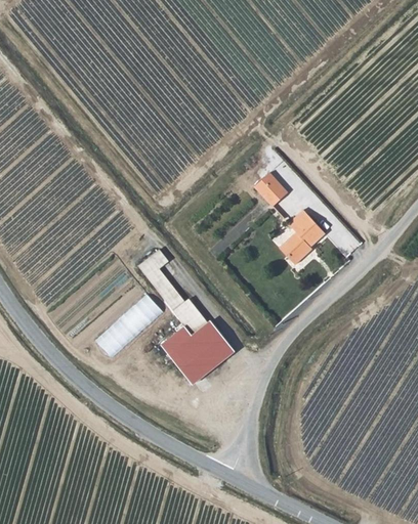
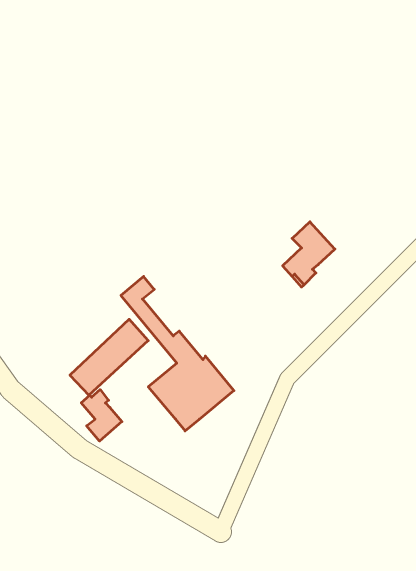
building: [252,171,286,205] -> none
building: none -> [81,390,122,441]

